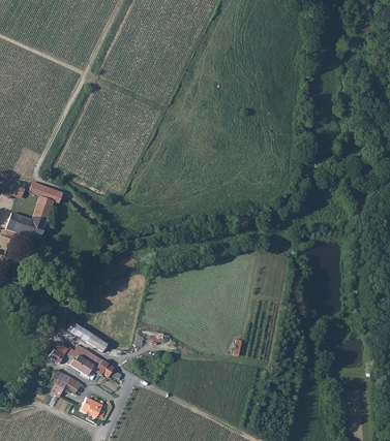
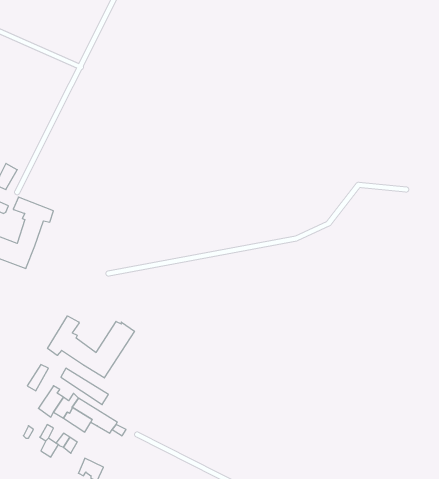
building: none -> [48,316,134,378]

